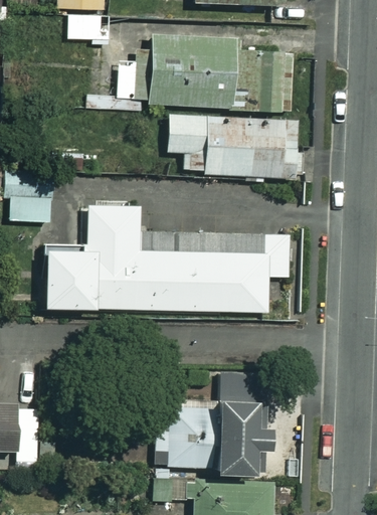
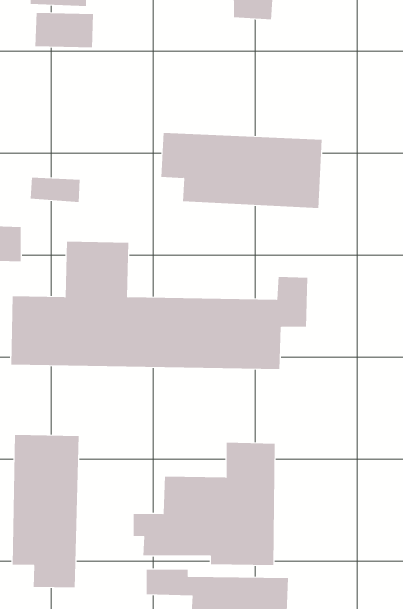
building: [85,33,292,111] -> none
building: none -> [12,434,79,588]

